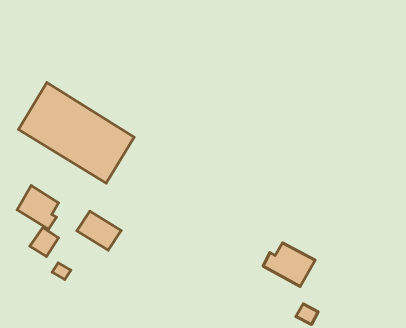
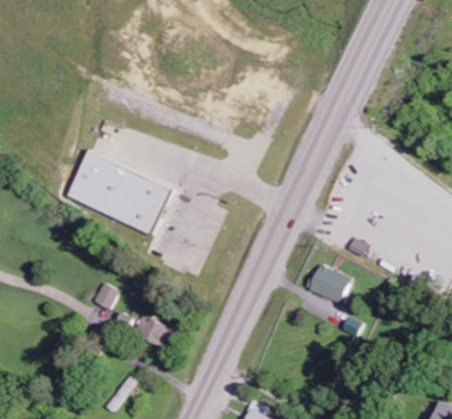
building: [17,185,59,229] -> none
building: [77,211,121,250] -> [132,315,173,348]

